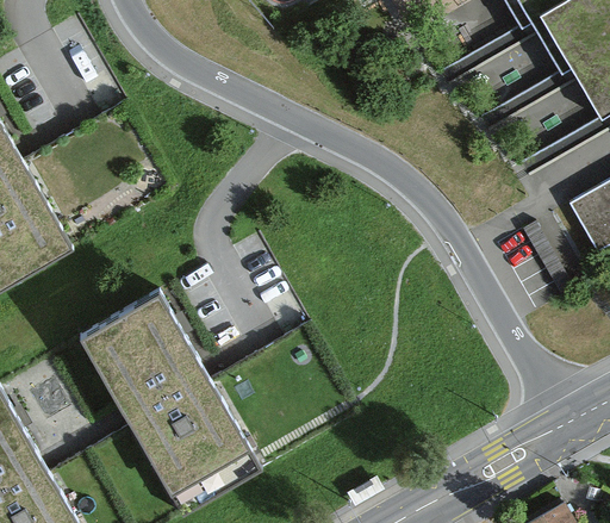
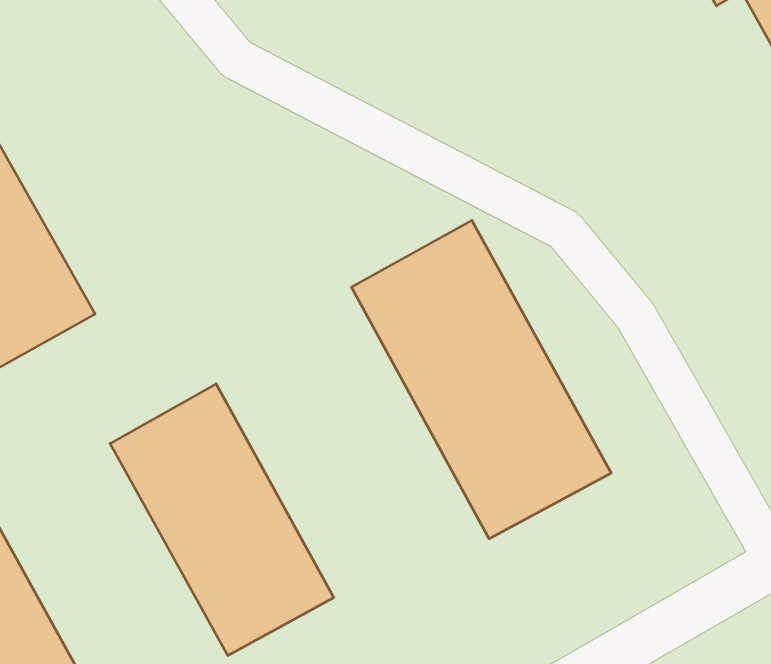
building: none -> [352,220,611,539]

